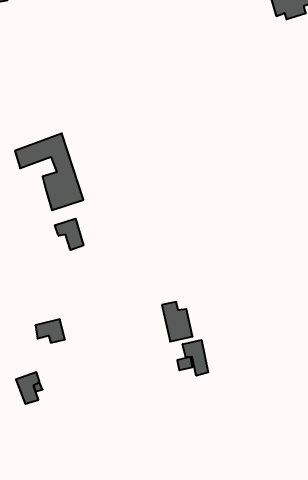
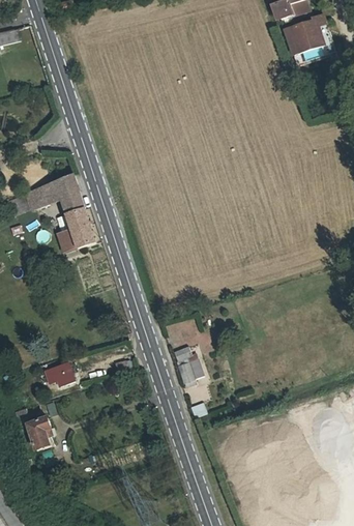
building: [55,219,83,250] -> none
building: [183,340,208,376] -> none

